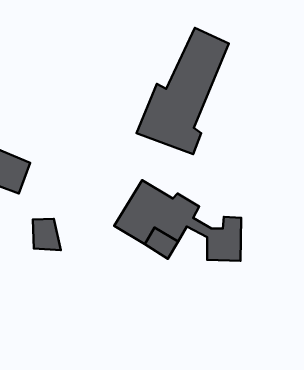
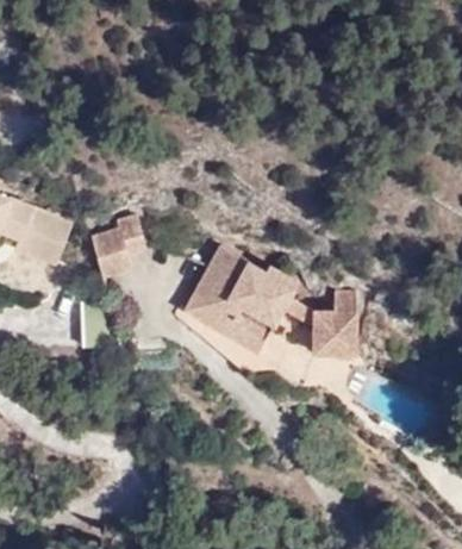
building: [136,28,229,154] -> none
building: none -> [93,214,148,277]

